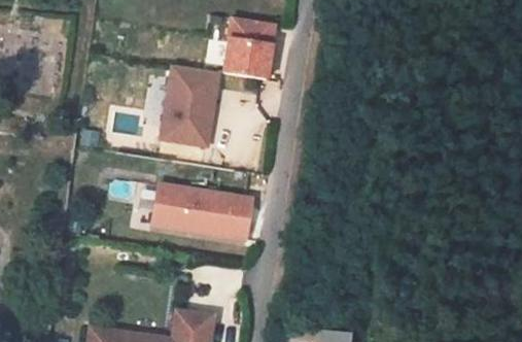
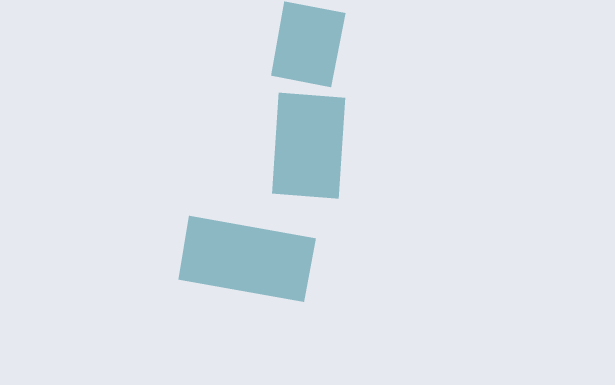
building: [161,65,218,147] -> [271,92,346,199]

